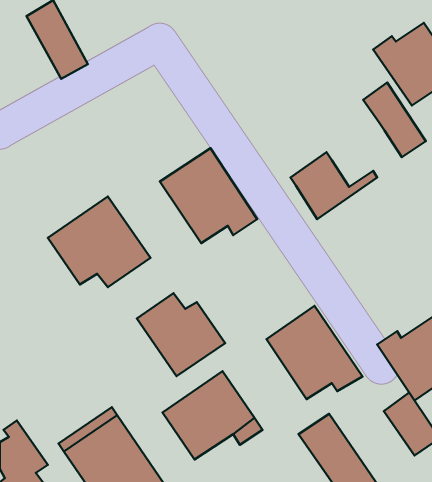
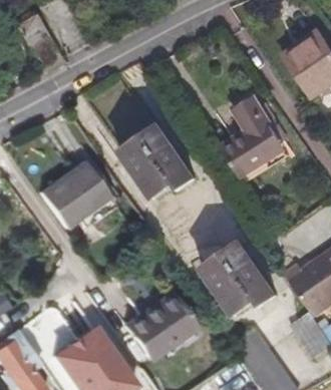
building: [363,82,426,157] -> [234,99,281,155]
building: [137,293,225,376] -> none

